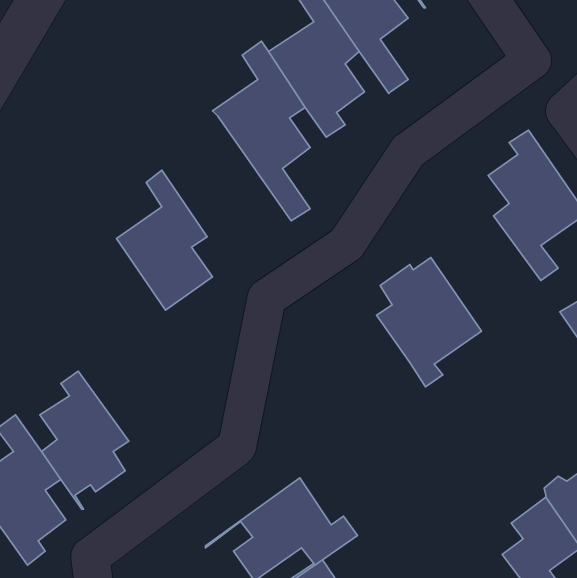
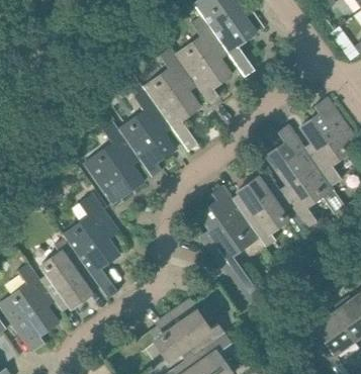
building: none -> [112,91,174,178]
building: none -> [268,124,334,228]
building: none -> [190,186,261,305]
building: none -> [62,195,127,299]

